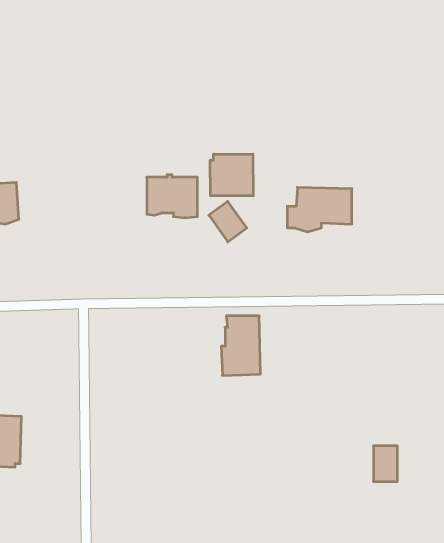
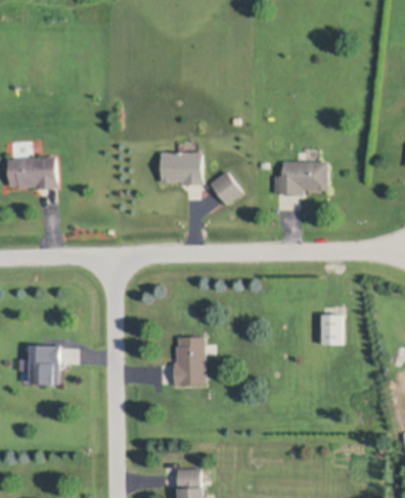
building: [210,154,253,196] -> none
building: [221,316,260,375] -> [172,337,204,385]
building: [373,446,397,481] -> [321,314,341,343]

